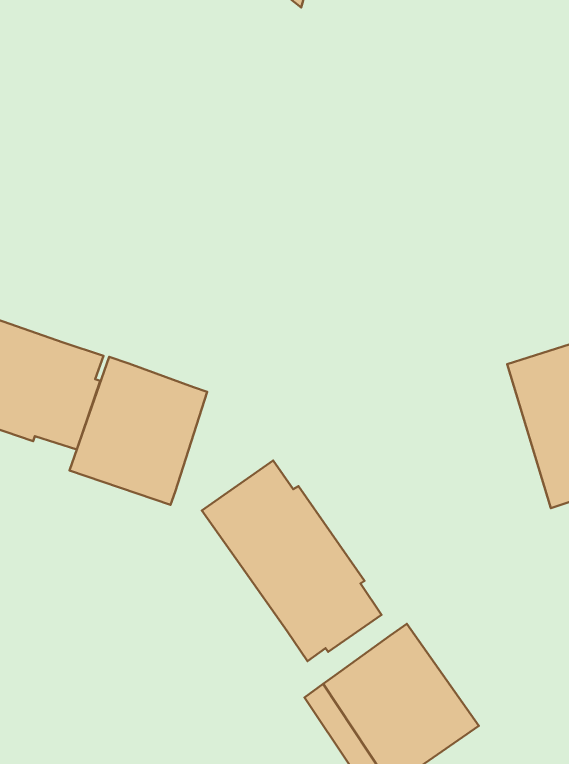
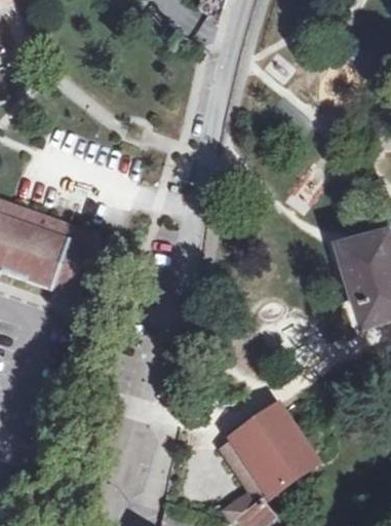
building: [69,357,207,505] -> none
building: [202,461,382,661] -> none

